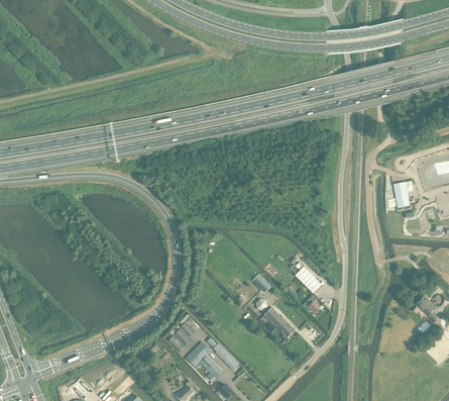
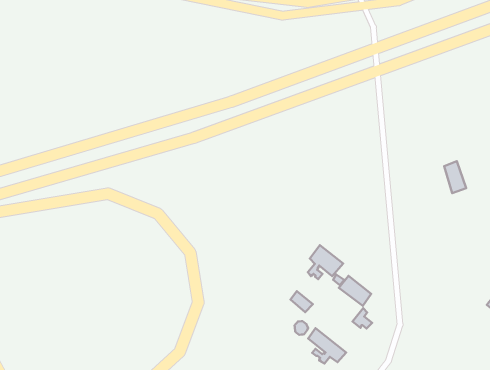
building: none -> [308,245,343,279]

